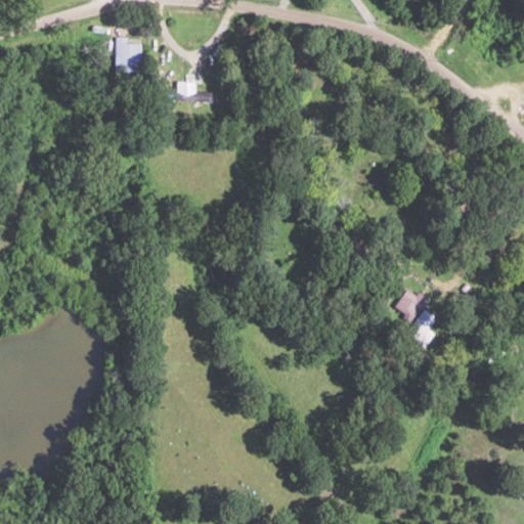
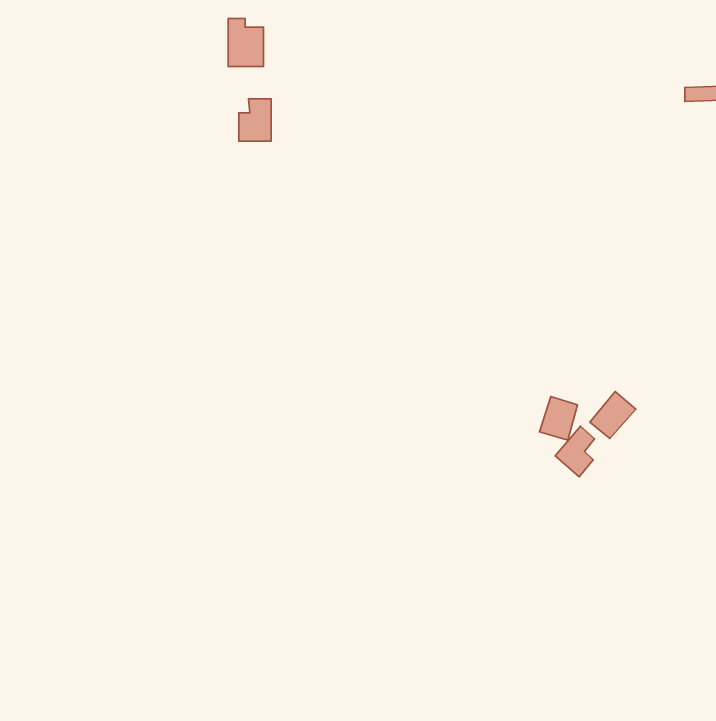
building: [115,36,140,71] -> [228,19,263,67]
building: none -> [590,392,636,438]

